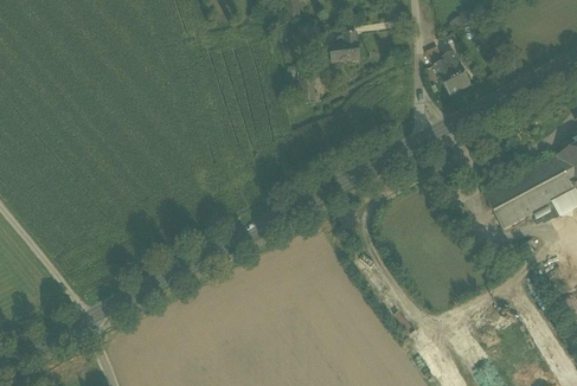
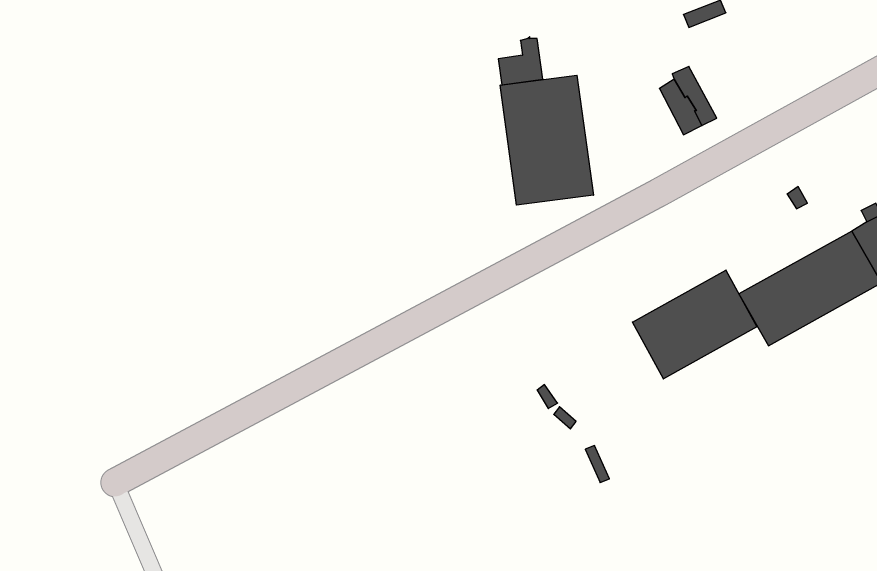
building: none -> [500,75,593,205]
building: none -> [632,270,757,379]

